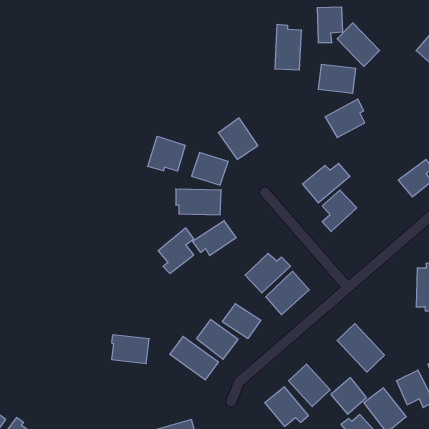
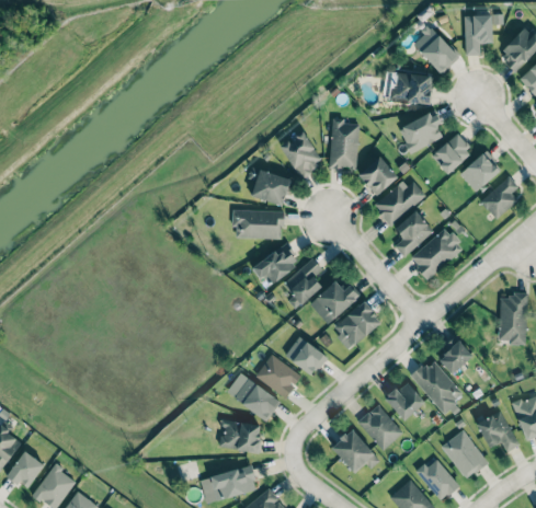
building: [317,7,343,43] -> [465,15,493,55]
building: [275,24,302,70] -> [330,118,360,169]
building: none -> [432,132,474,174]
building: [148,136,185,171] -> none
building: none -> [460,153,500,192]
building: none -> [358,157,399,196]
building: none -> [411,227,464,279]
building: [158,228,194,273] -> [283,258,322,309]
building: none -> [438,336,474,374]
building: [112,335,149,364] -> [220,420,262,452]
building: [331,378,366,414] -> [386,381,425,422]

